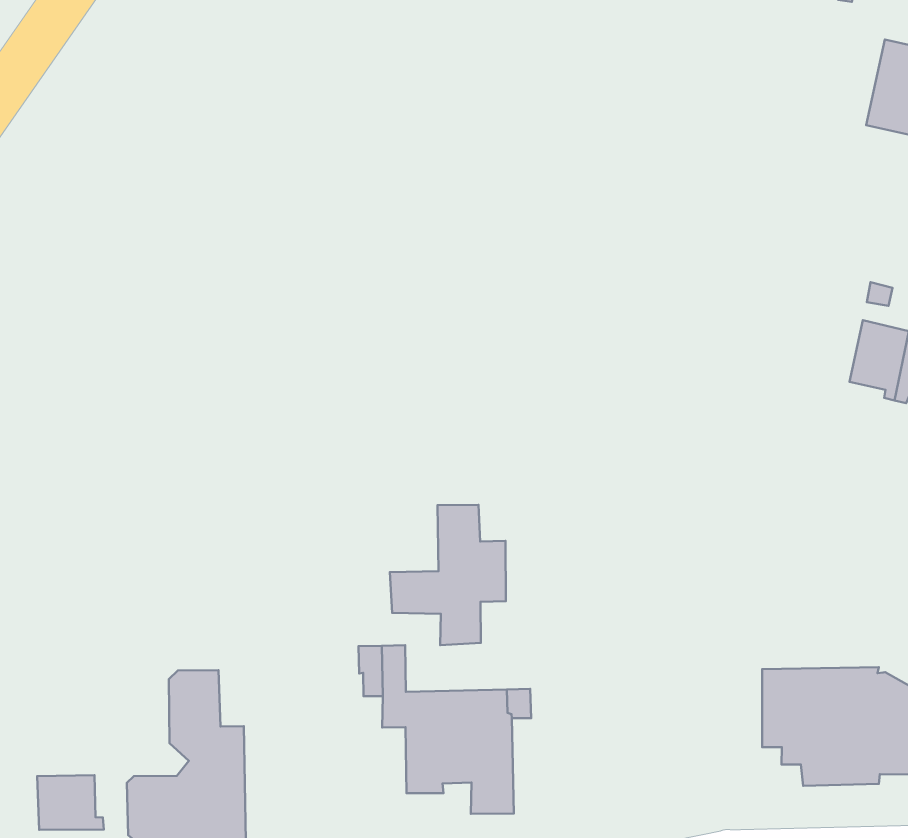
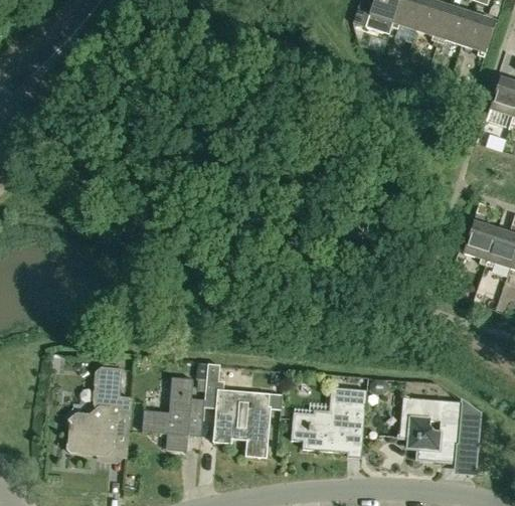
building: [390,505,506,645] -> [143,376,205,450]
building: none -> [291,385,367,451]
building: [37,775,104,830] -> none

